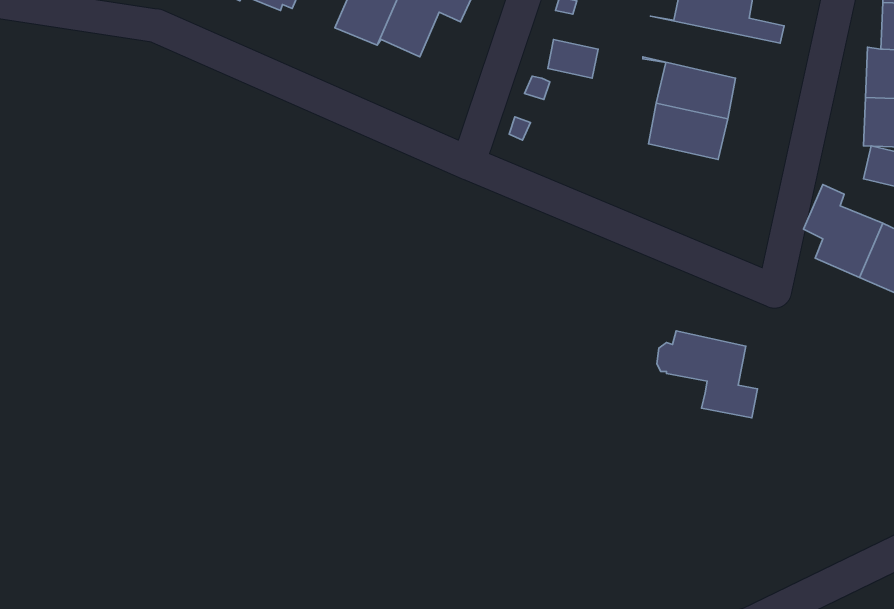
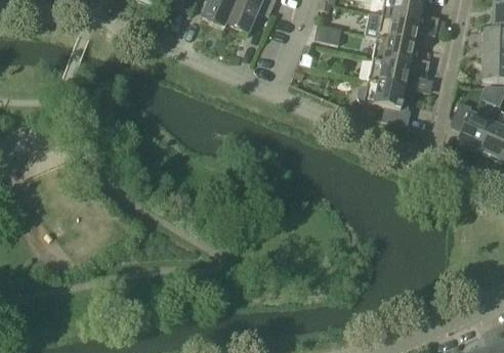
building: none -> [366,12,438,45]
building: [657,331,758,418] -> [359,80,412,126]

